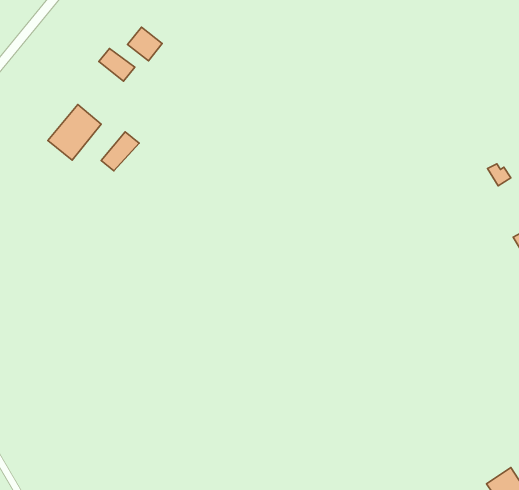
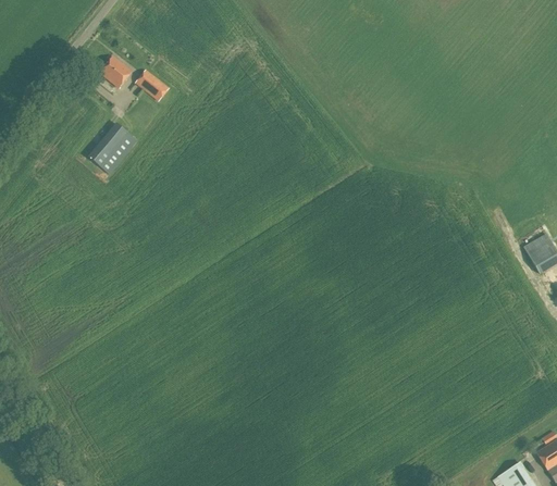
building: [127,27,162,61] -> [100,54,133,86]
building: [101,132,139,171] -> none

